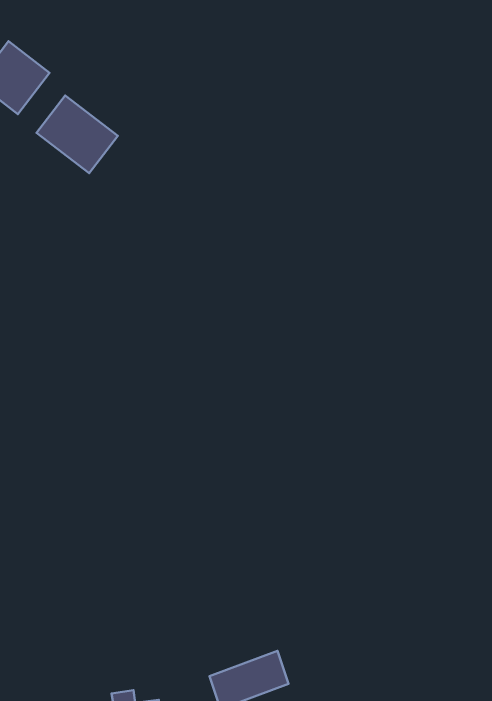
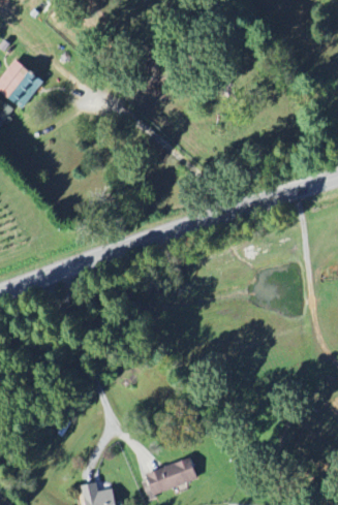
building: [36,95,118,173] -> none

